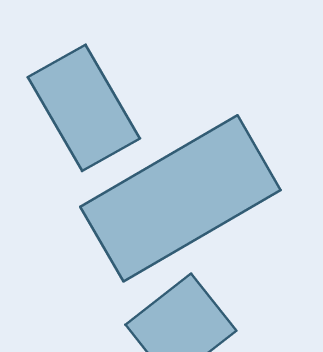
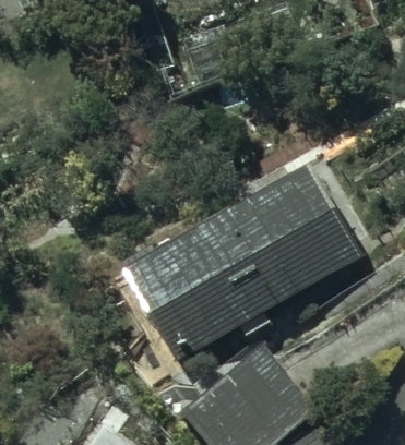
building: [28,45,140,171] -> none

